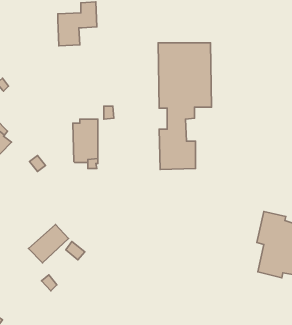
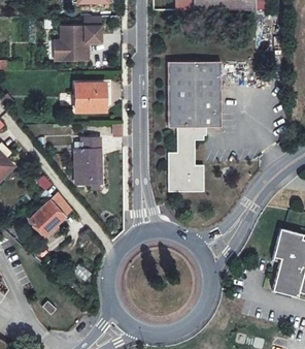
building: none -> [78,81,107,109]
building: [28,225,69,263] -> [32,190,73,229]

